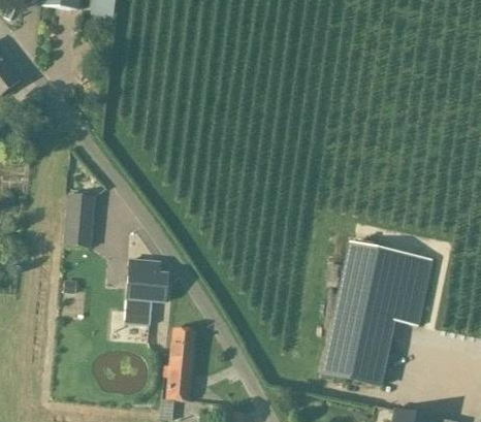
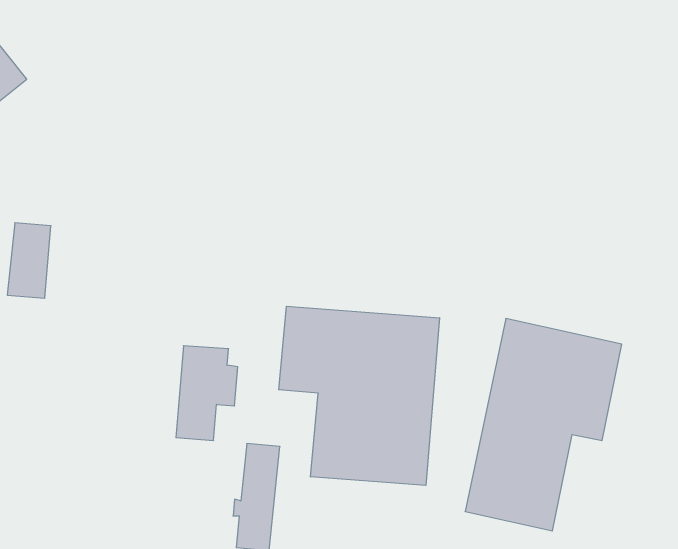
building: [64,195,94,247] -> [7,223,51,298]
building: none -> [279,306,440,485]

